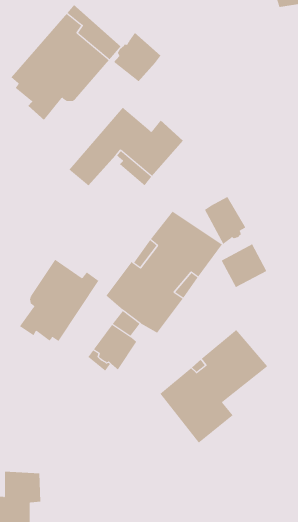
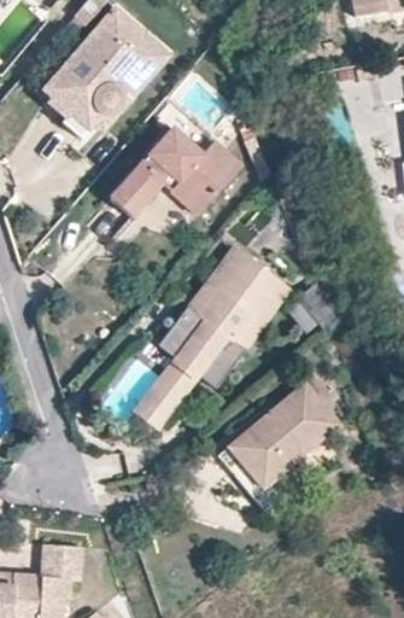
building: [113,32,161,82] -> none
building: [204,196,246,245] -> none
building: [19,259,99,342] -> none

